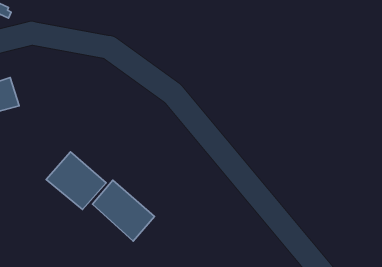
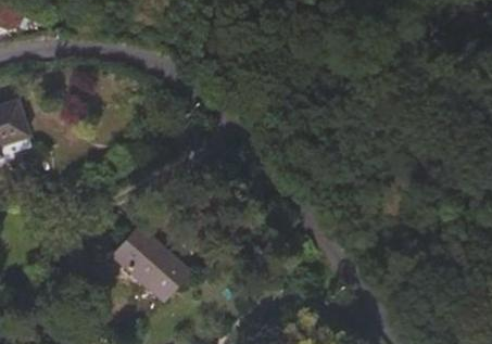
building: [46,152,106,210] -> none

